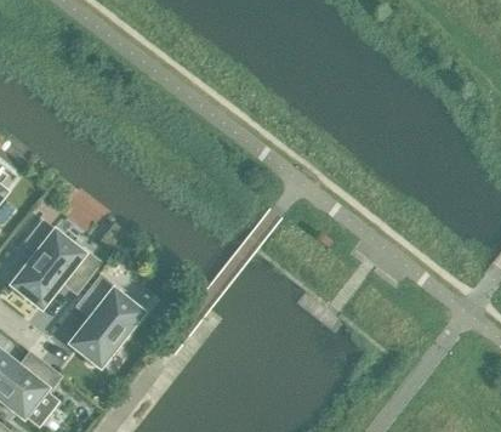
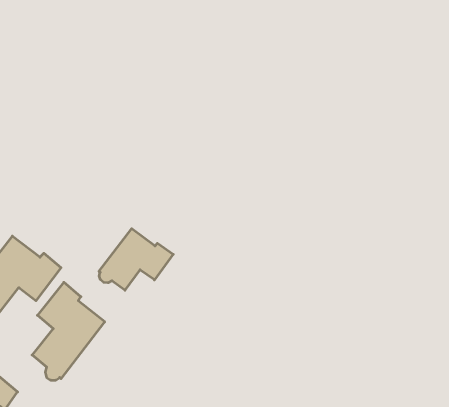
building: none -> [99,229,173,290]

